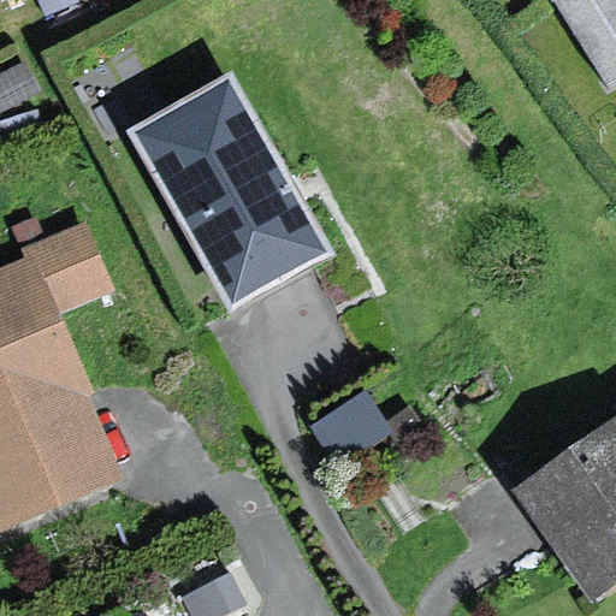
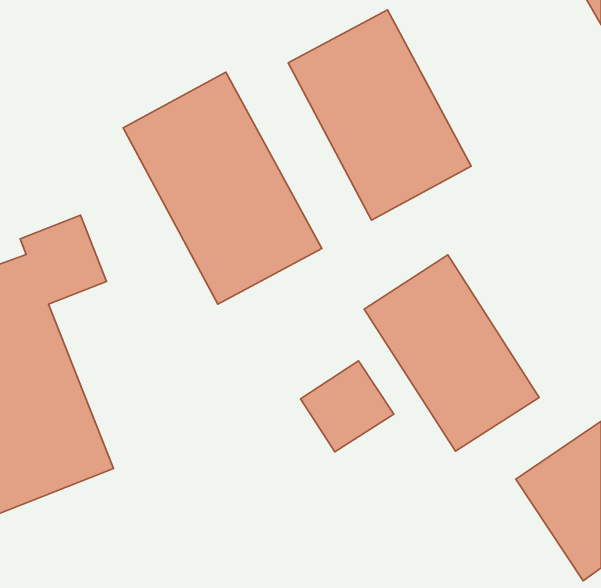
building: none -> [288,10,471,220]
building: none -> [364,255,539,451]

